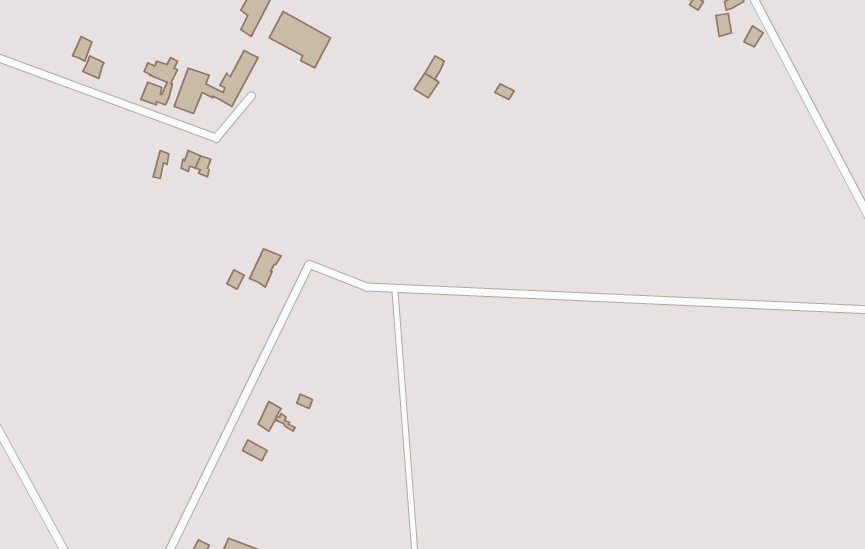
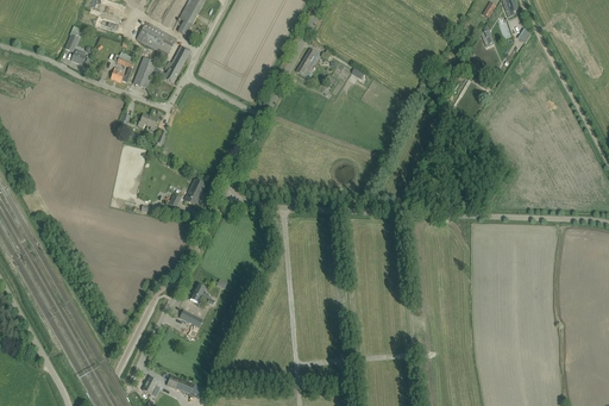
building: [269,12,331,68] -> [134,20,176,58]

